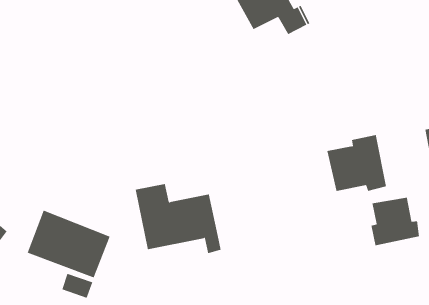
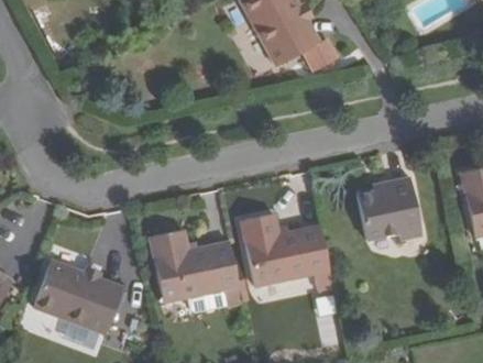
building: none -> [240,216,332,290]
building: [371,197,420,246] -> none

